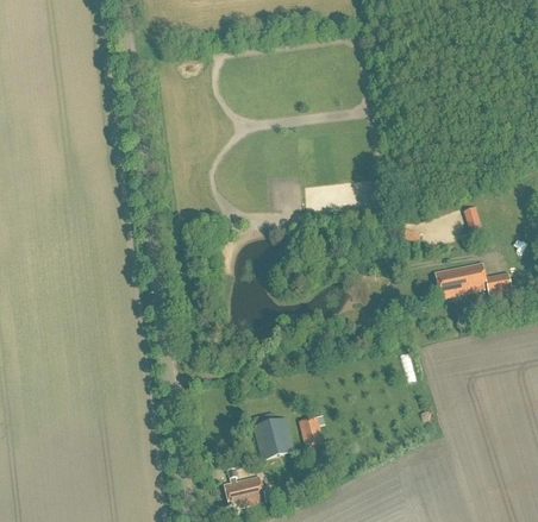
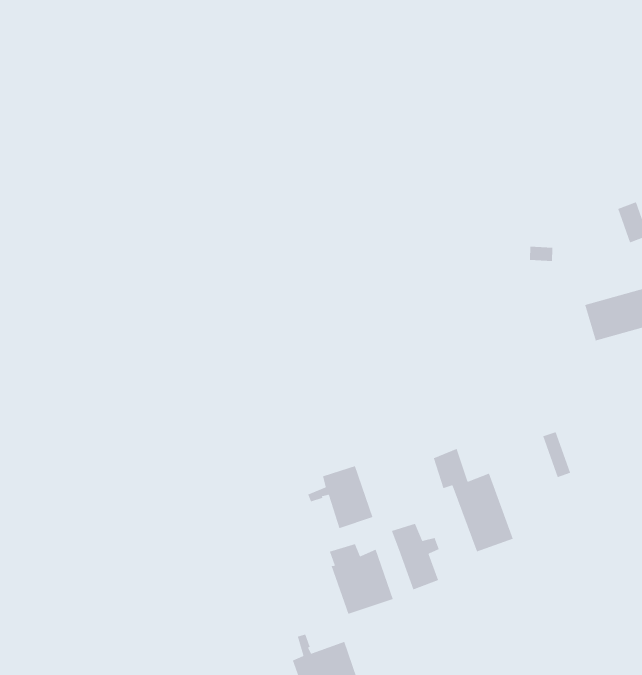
building: none -> [433,448,514,552]
building: none -> [307,465,373,529]

